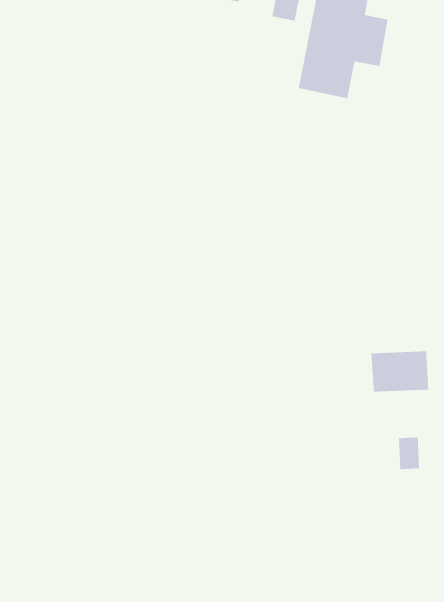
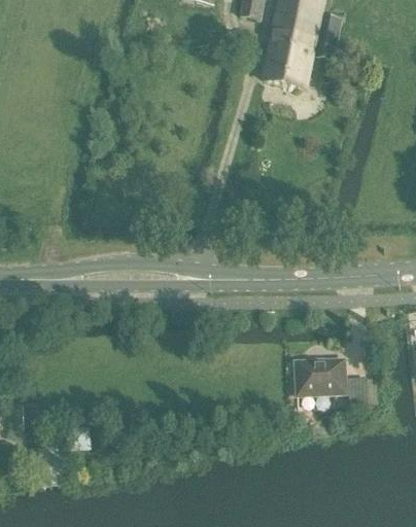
building: [371,351,429,392] -> [296,357,346,393]

